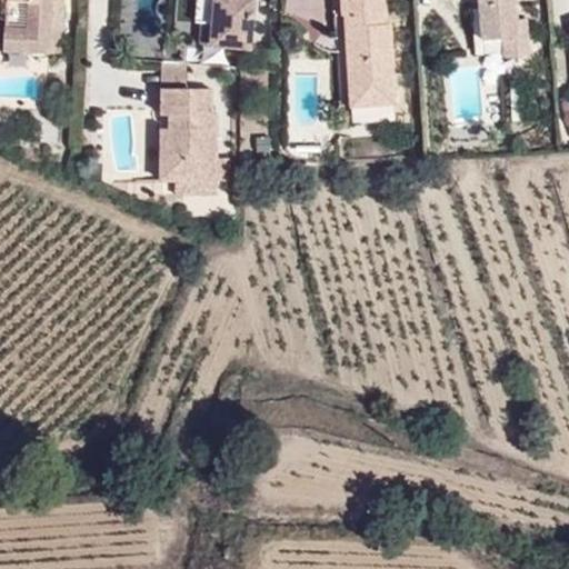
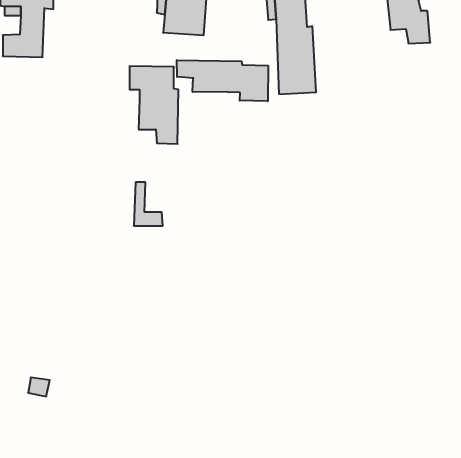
building: none -> [177,60,268,101]
building: [159,122,194,176] -> [134,182,163,226]

